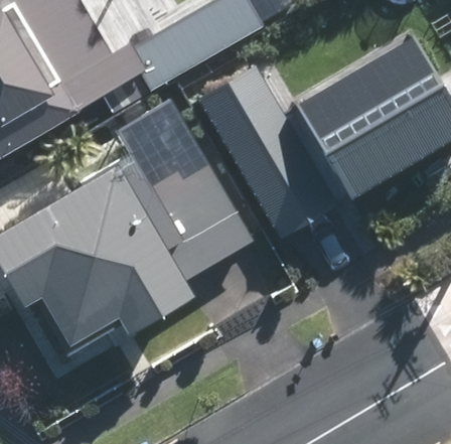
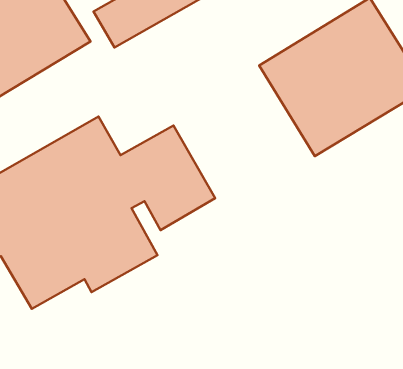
building: [196,68,337,238] -> none

